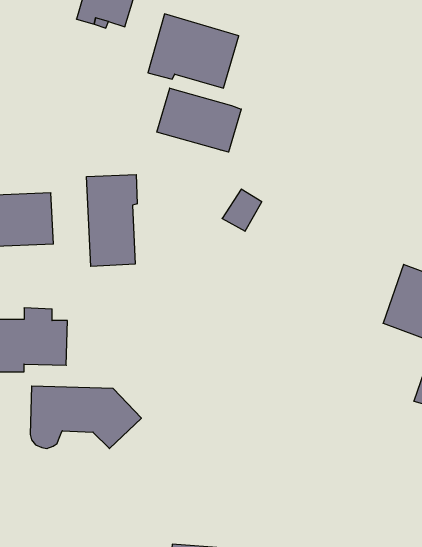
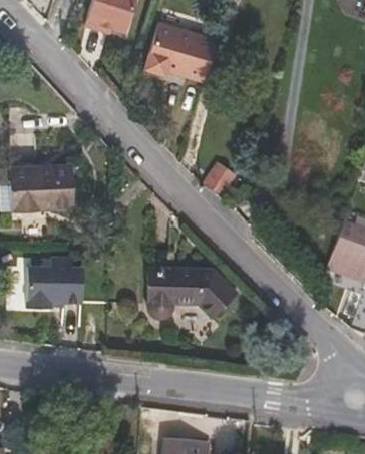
building: [157,88,241,152] -> none
building: [87,175,137,266] -> none
building: [30,386,141,449] -> [148,267,236,316]

